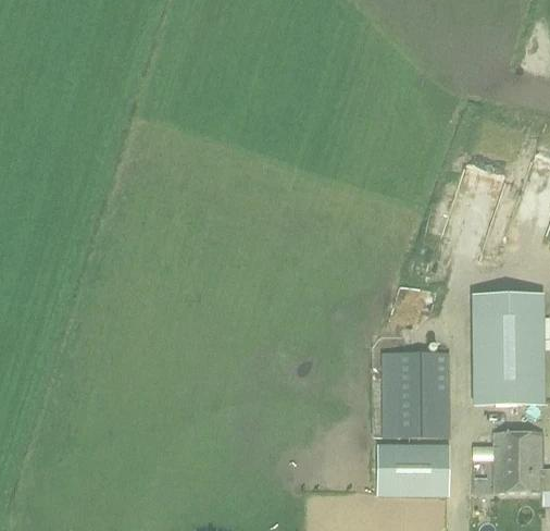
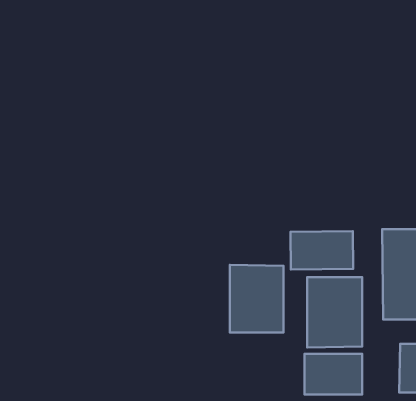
building: none -> [291,231,353,269]
building: none -> [230,265,284,333]

